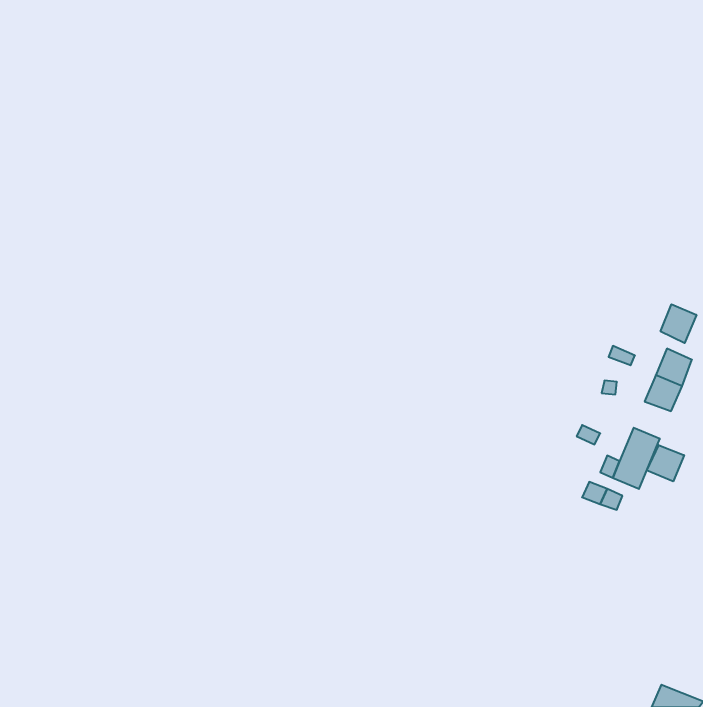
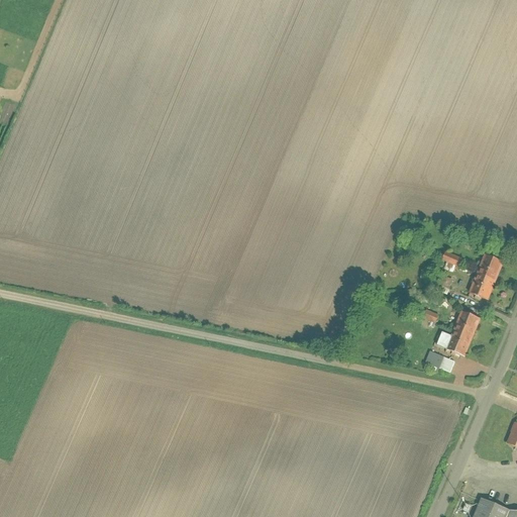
building: [661,304,696,343] -> none
building: [647,445,684,481] -> none

